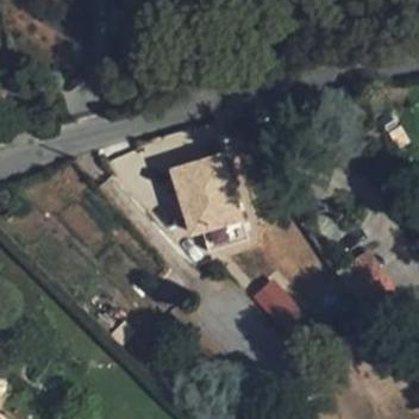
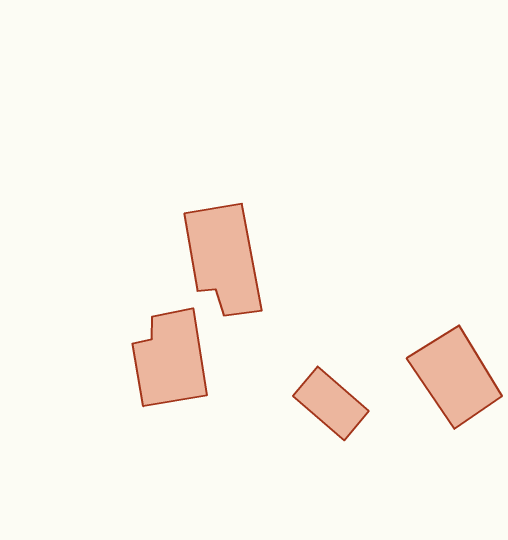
building: none -> [132,308,207,406]

